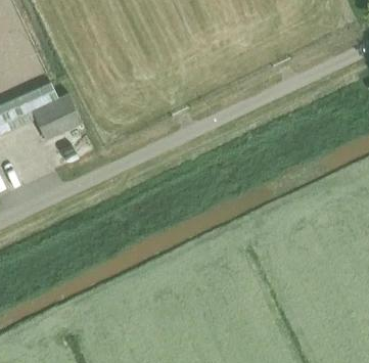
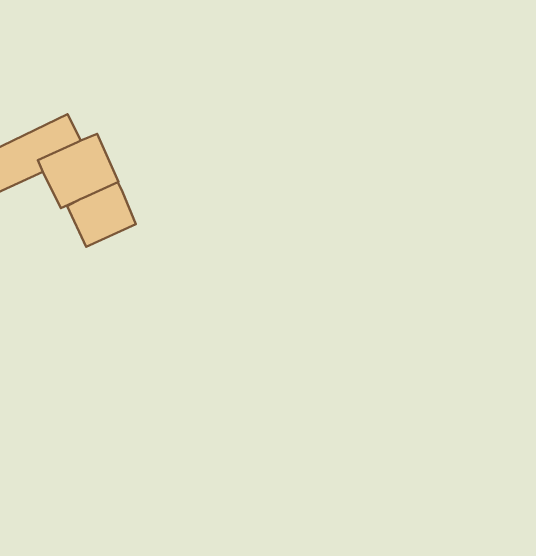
building: none -> [67,182,136,247]

